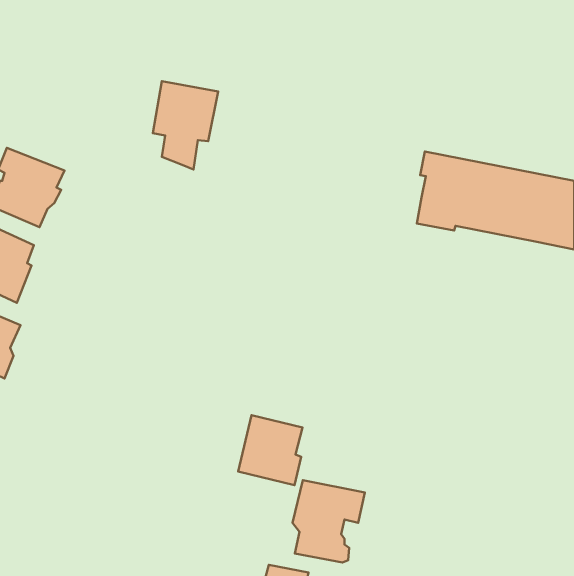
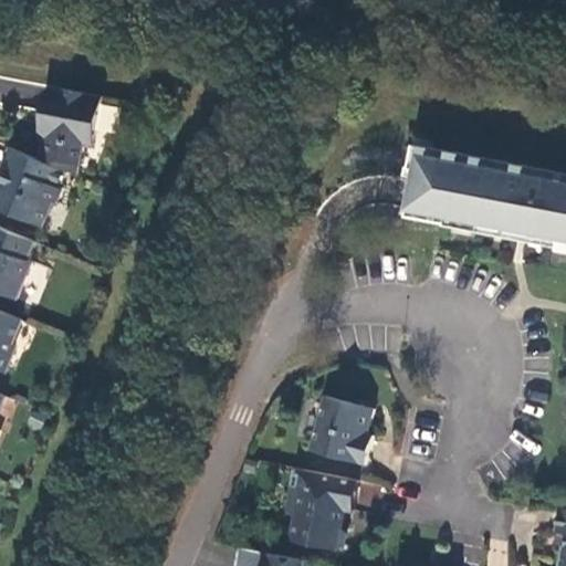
building: [153,81,218,169] -> [34,86,98,172]
building: [238,415,302,485] -> [313,396,376,464]

